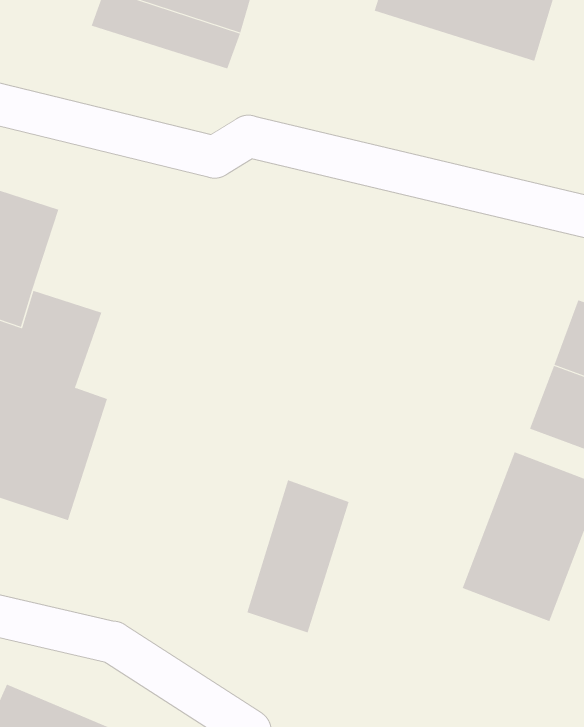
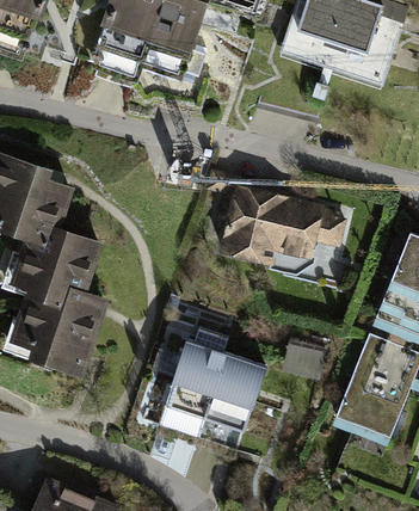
building: none -> [208,168,350,263]
building: none -> [161,326,229,435]

